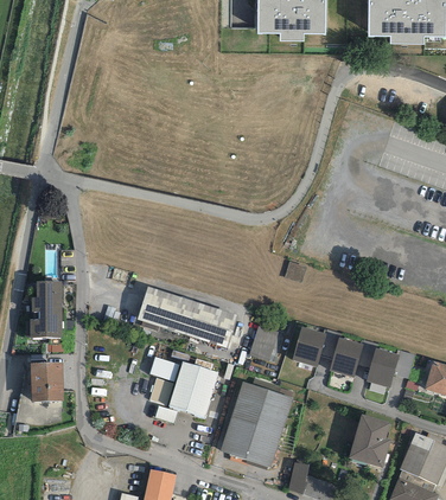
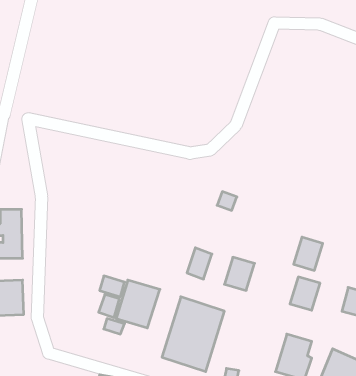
building: [136,286,236,347] -> none
building: [331,347,364,385] -> [294,237,323,270]

